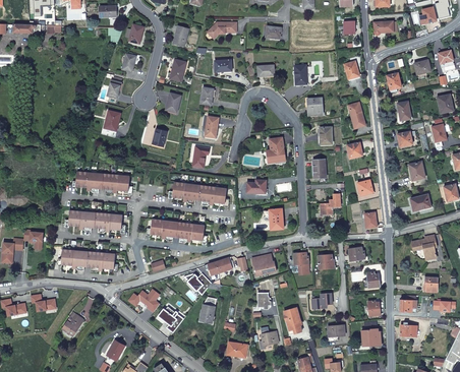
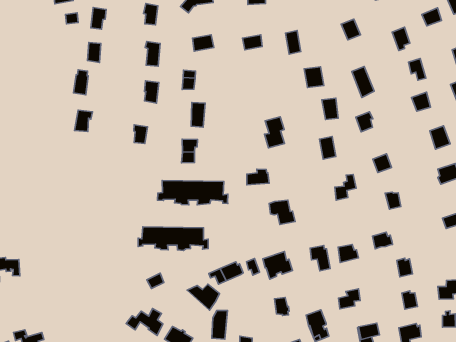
building: [72,171,133,194] -> none
building: [65,210,125,232] -> none
building: [57,249,118,271] -> none

